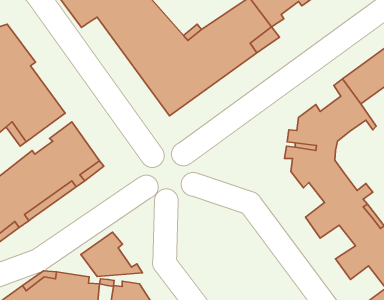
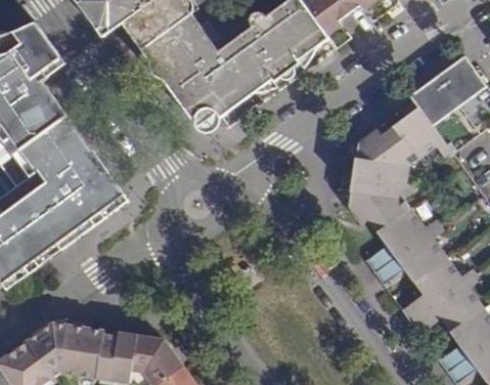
building: none -> [12,19,64,75]
building: [81,232,143,277] -> none

